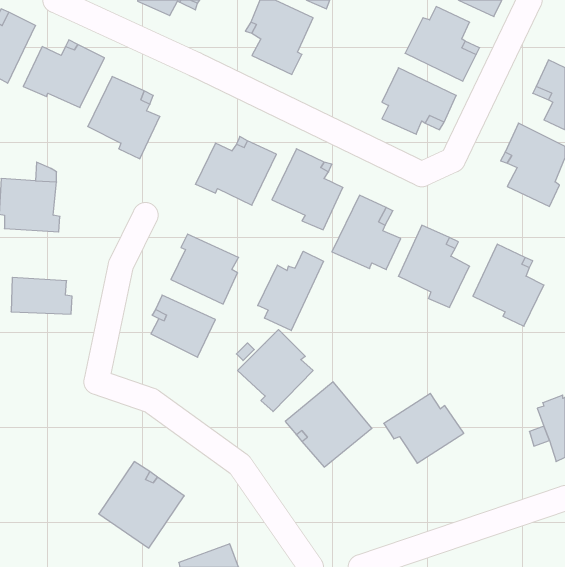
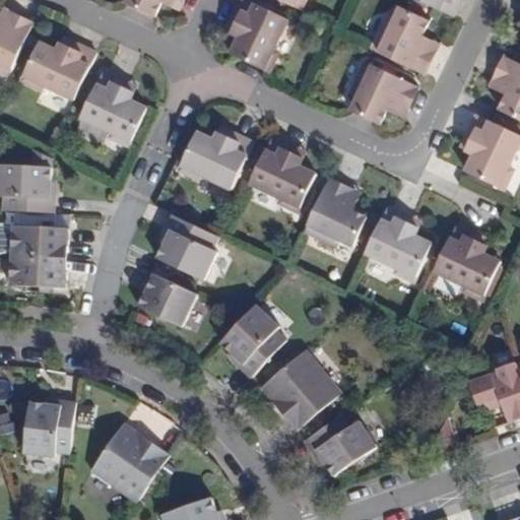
building: none -> [11,224,68,257]
building: [258,251,323,331] -> none
building: [384,393,464,463] -> [303,409,376,473]
building: none -> [25,400,75,458]

